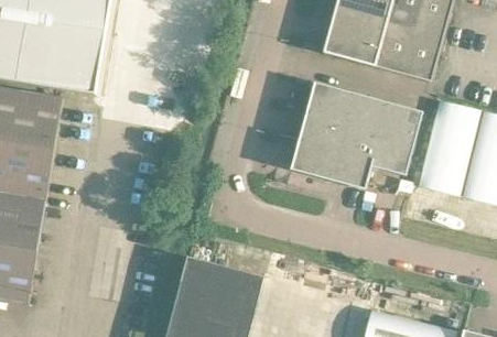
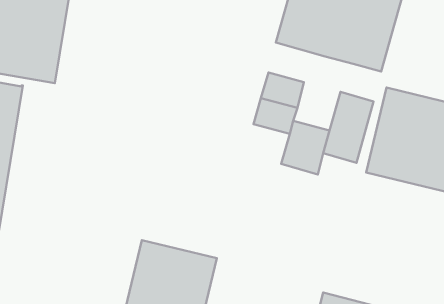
building: [341,93,389,142] -> none
building: [292,135,337,176] -> none

